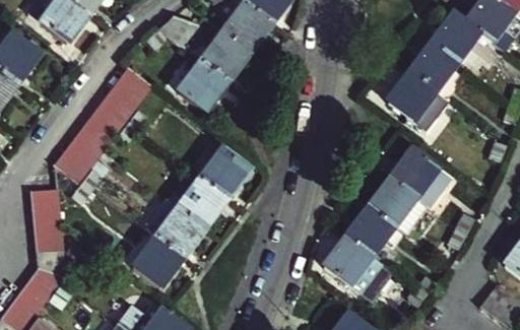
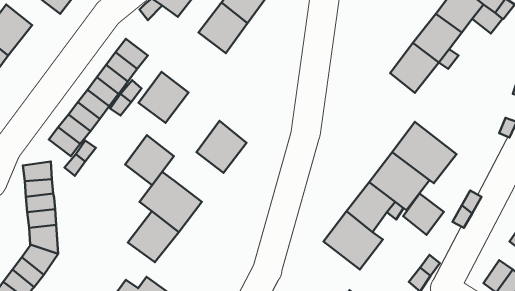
building: [180,61,229,111] -> [138,72,188,123]
building: [179,178,226,226] -> [125,135,174,185]
building: none -> [403,193,444,235]

